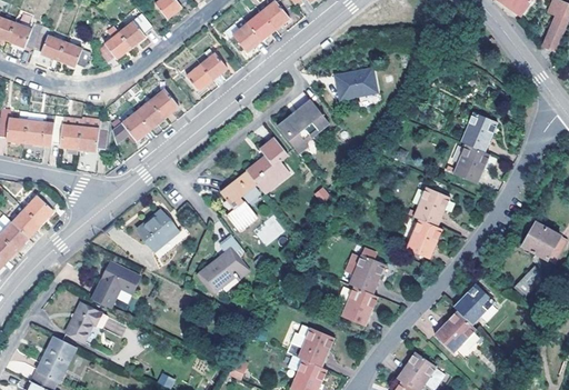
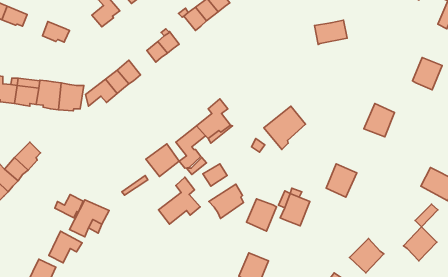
building: [31,33,62,60] -> none
building: [97,34,129,63] -> none
building: [337,69,377,99] -> [315,20,347,44]
building: [276,99,327,152] -> [264,106,305,149]
building: [461,112,498,152] -> [412,57,442,90]
building: [413,187,451,227] -> none
building: [133,210,174,250] -> [146,144,179,176]
building: none -> [209,184,243,218]
building: none -> [55,195,83,218]
building: [453,283,495,326] -> [404,227,437,261]
building: [341,287,378,327] -> [247,199,276,231]

